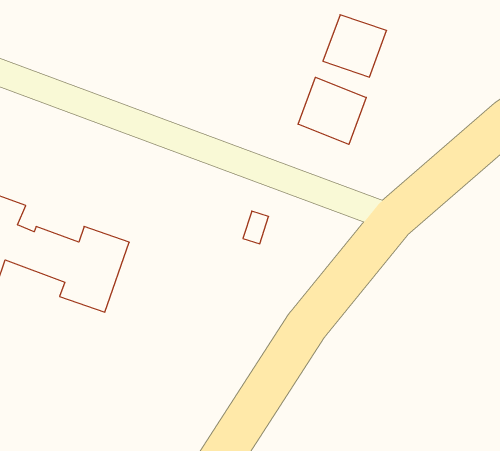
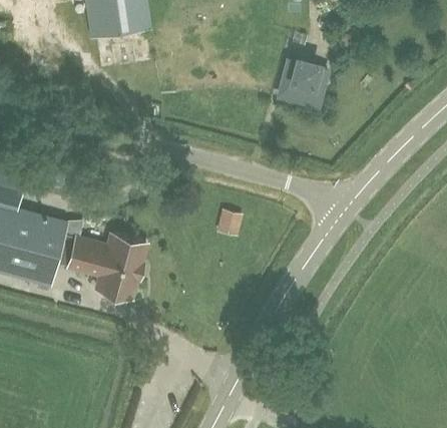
building: [298,77,366,144] -> none

